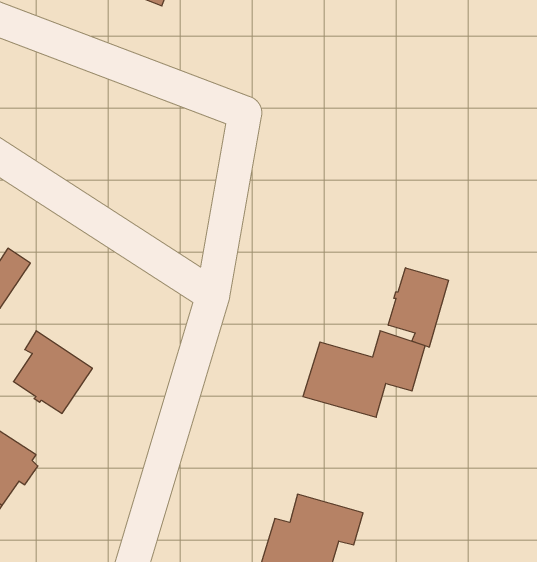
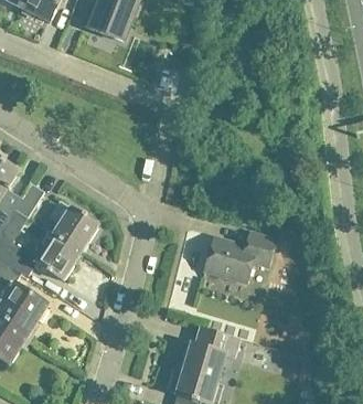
building: [388,268,449,347] -> none
building: none -> [41,206,98,253]

